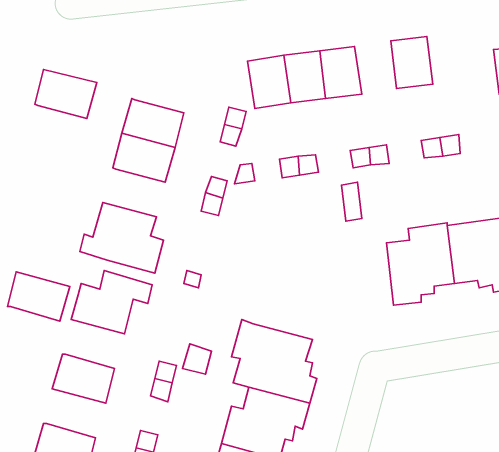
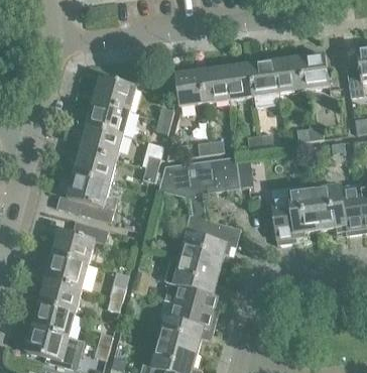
building: none -> [299,52,329,90]
building: none -> [249,59,278,97]
building: [35,69,97,118] -> [94,76,137,110]
building: none -> [74,148,117,182]
building: none -> [158,155,241,268]
building: [8,272,70,321] -> [45,254,89,288]
building: none -> [32,302,76,337]

